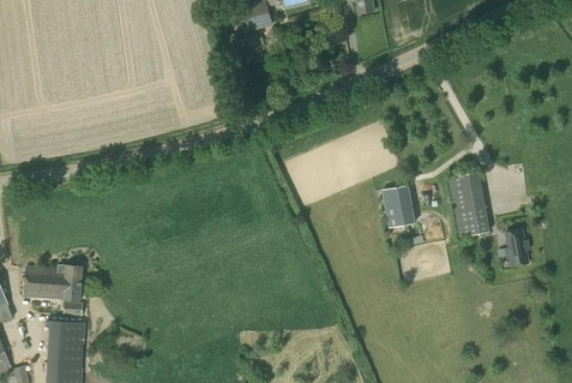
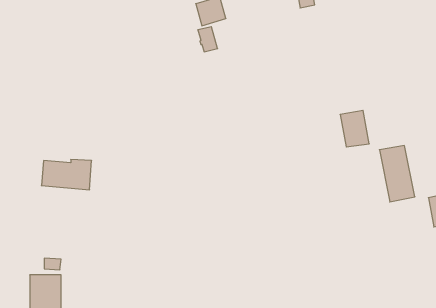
building: [381,185,415,227] -> [340,110,369,147]
building: [24,265,82,300] -> [41,160,92,190]

